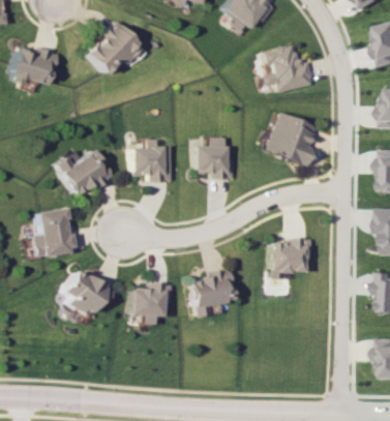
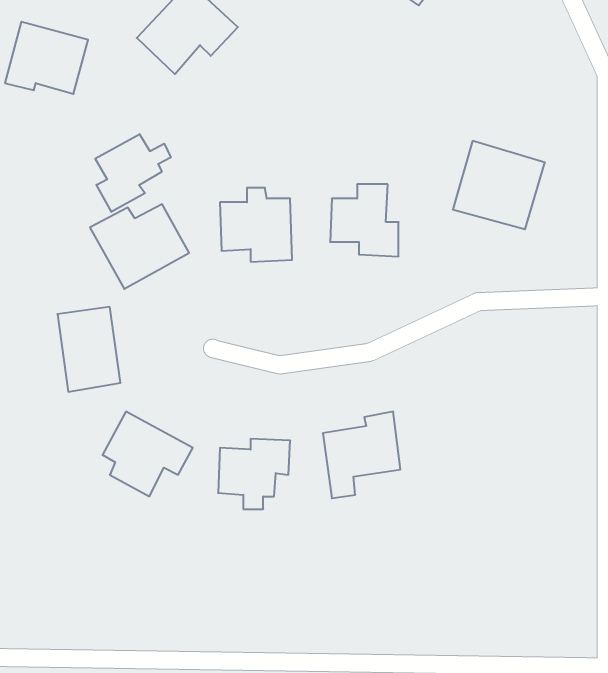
building: [261,46,311,92] -> none
building: none -> [95,134,171,212]
building: [266,238,307,278] -> none

